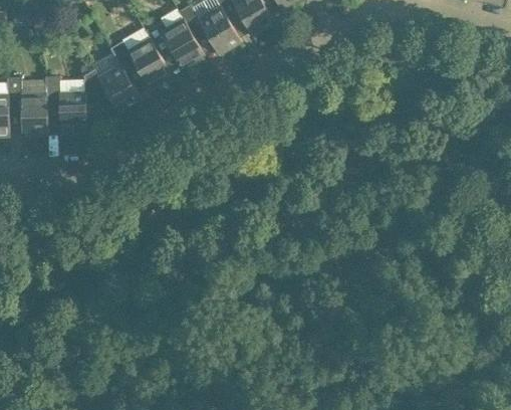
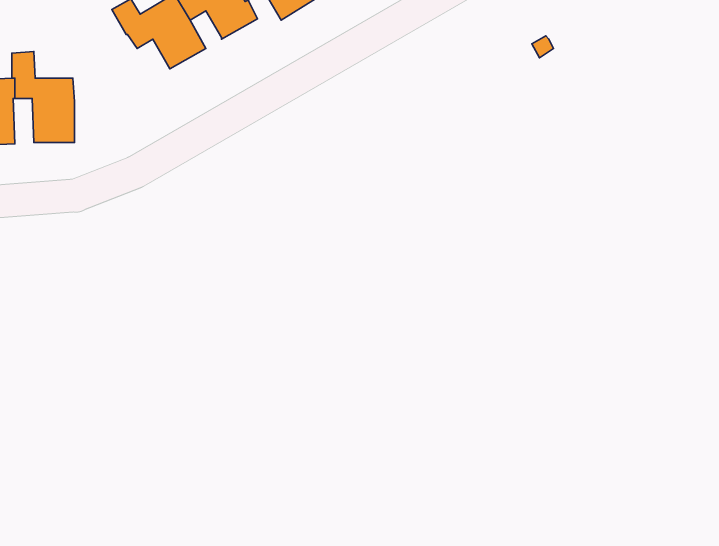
building: [83,63,141,112] -> none

